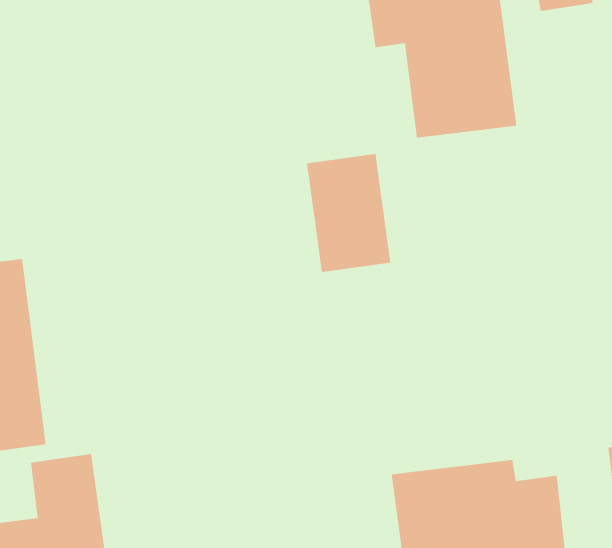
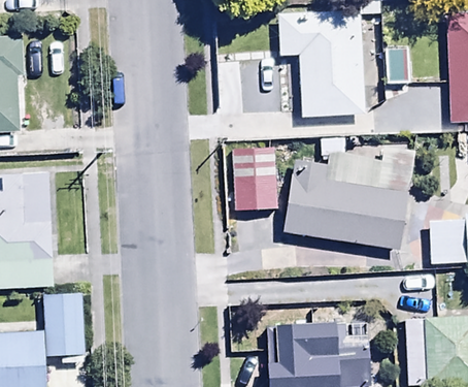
building: none -> [282,146,415,251]

